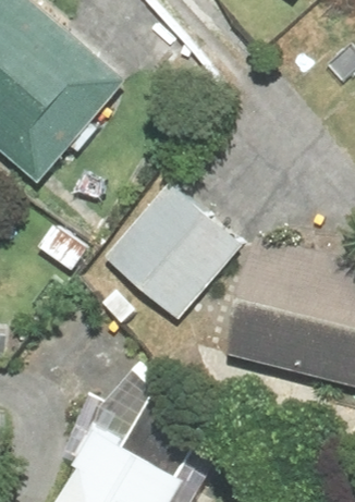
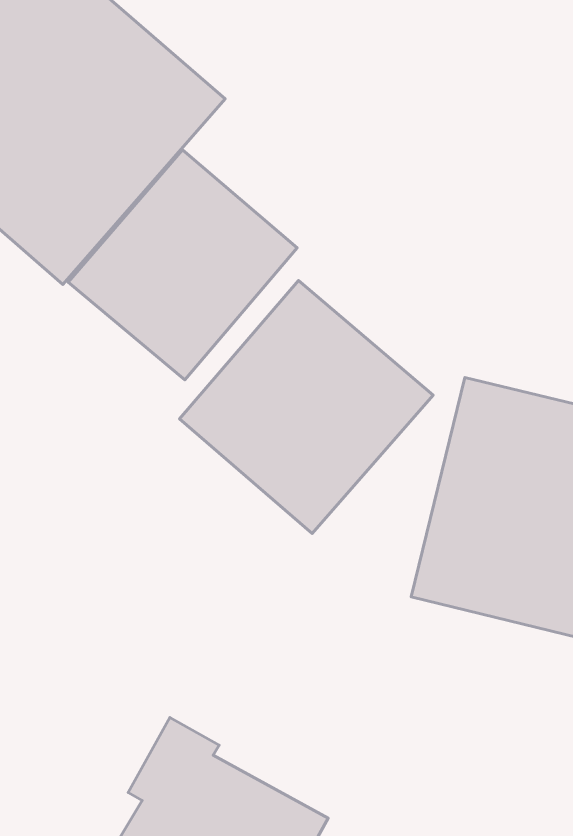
building: none -> [68,150,297,380]

